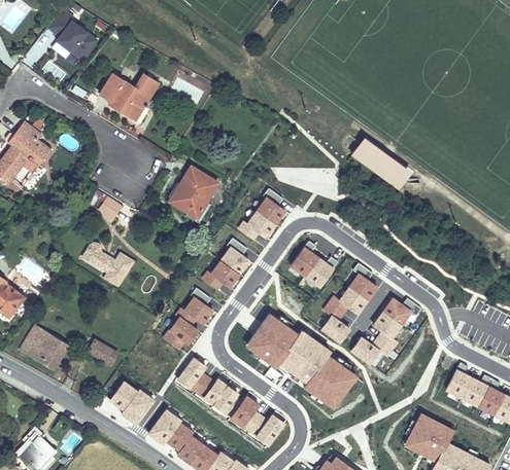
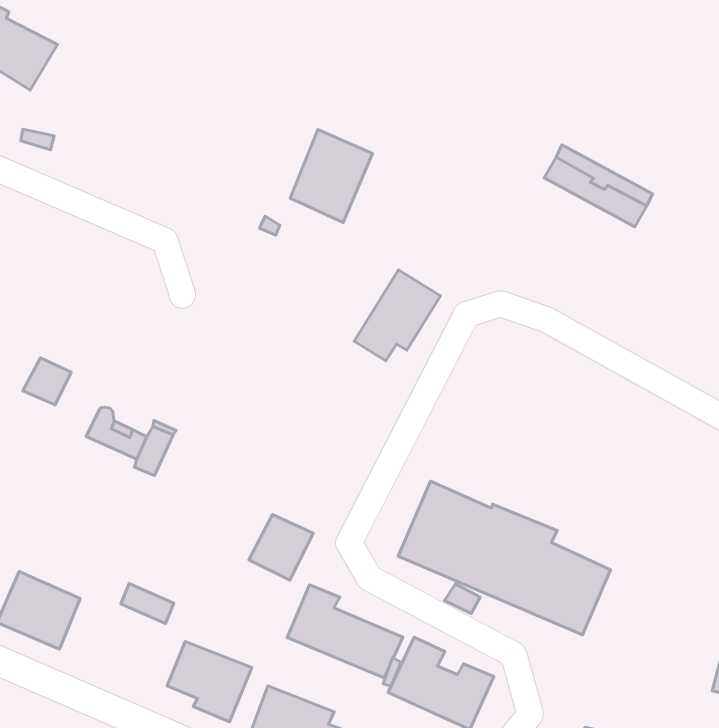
building: [100,75,159,126] -> none
building: [170,167,218,219] -> [290,130,373,222]
building: [96,196,124,223] -> [23,358,71,405]
building: [203,238,249,291] -> none
building: [288,245,335,288] -> none
building: [319,264,378,344] -> none
building: [181,289,213,326] -> none
building: [349,296,412,365] -> none

